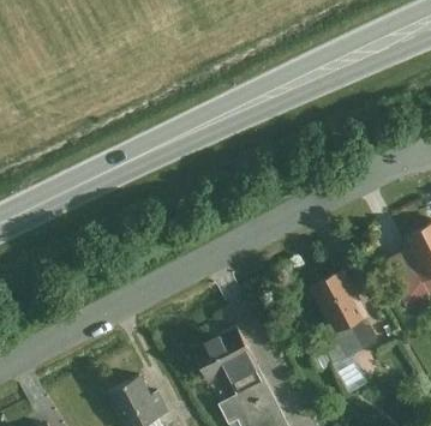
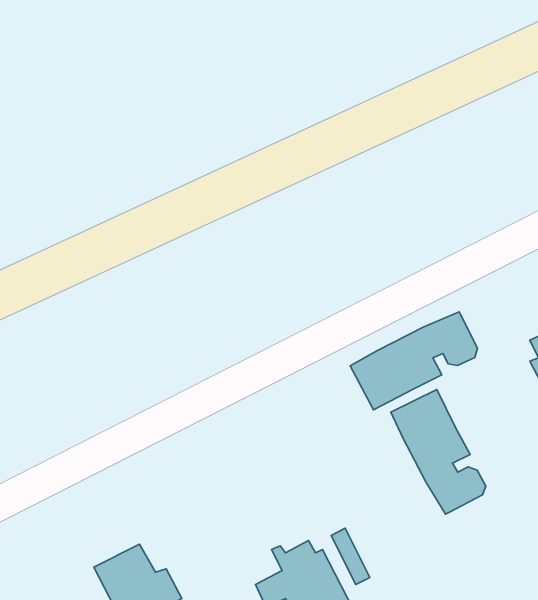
building: none -> [350,312,477,410]
building: [191,325,257,383] -> none

